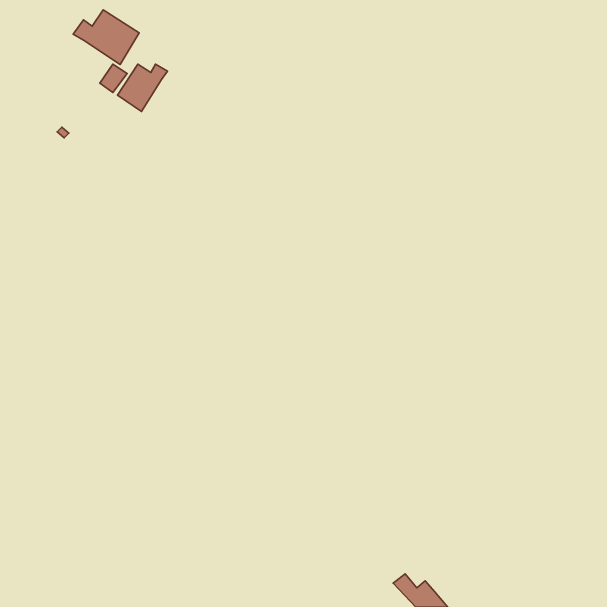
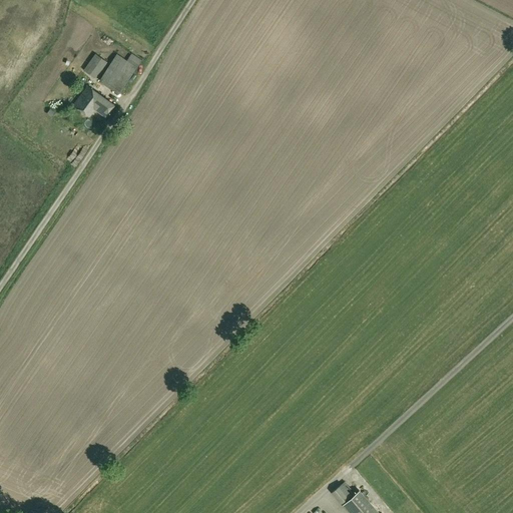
building: [73,10,139,65] -> none
building: none -> [73,86,114,118]

